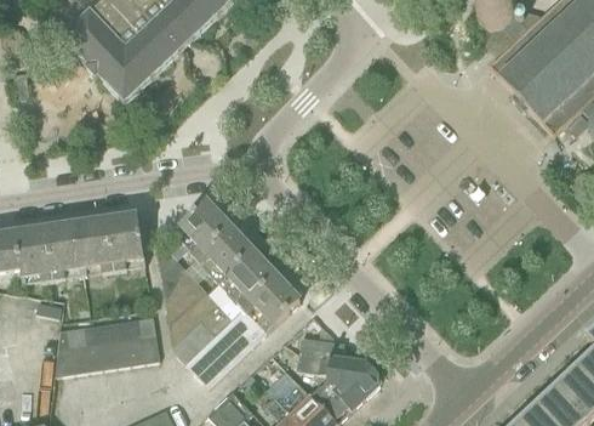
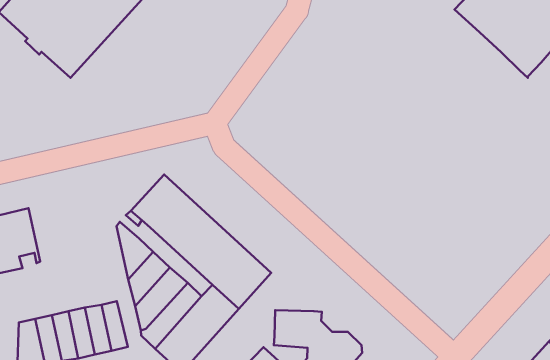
building: [75,214,143,274] -> none

